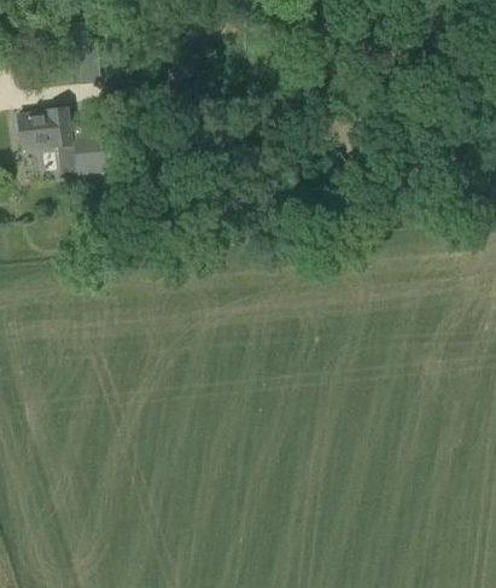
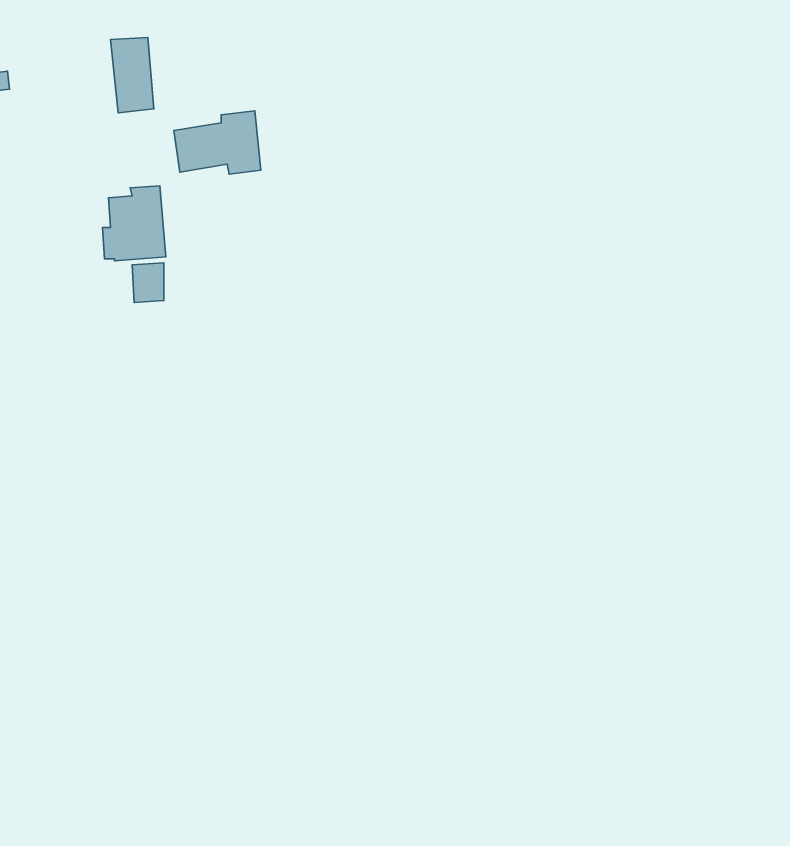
building: [16,109,69,147] -> [174,111,261,174]

